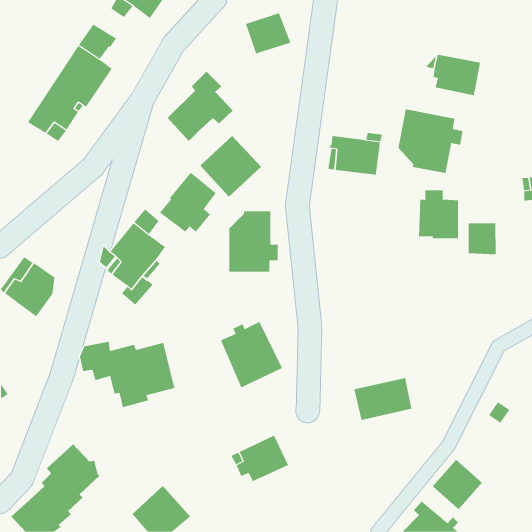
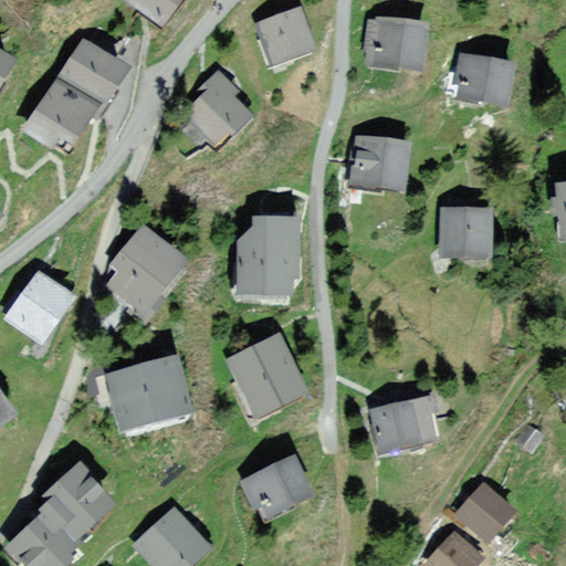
building: none -> [375,24,423,65]
building: [398,109,463,174] -> none
building: [199,135,262,197] -> none
building: [159,172,217,233] -> none
building: [468,223,496,255] -> none

